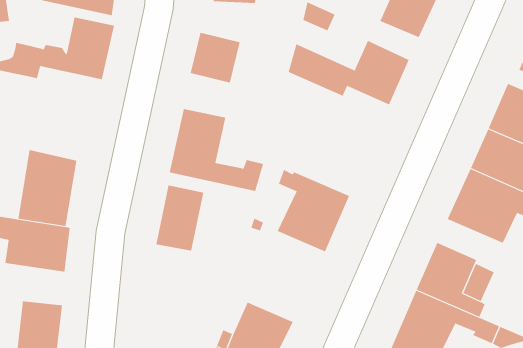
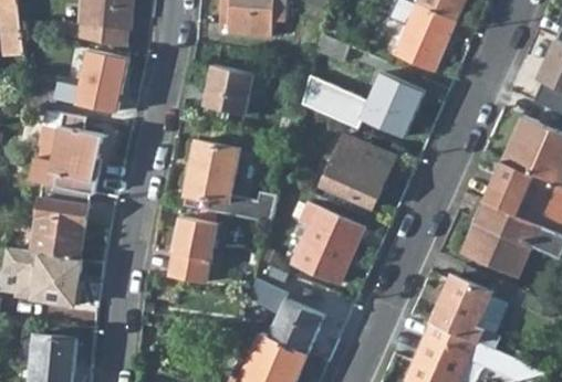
building: none -> [30,109,102,192]
building: none -> [322,134,395,206]
building: none -> [250,276,324,353]

